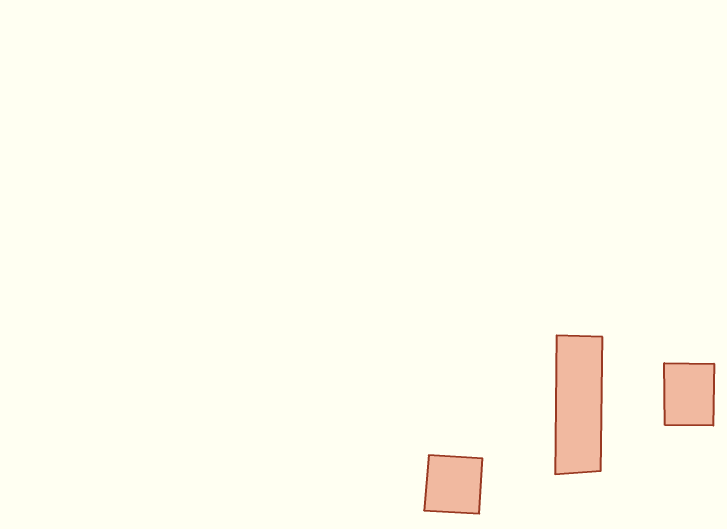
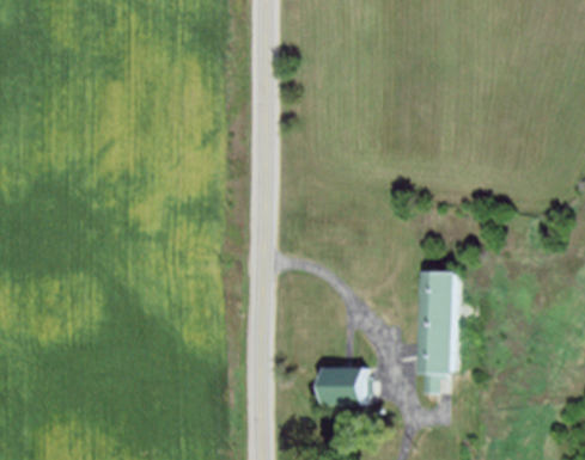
building: [664,363,714,426] -> none

